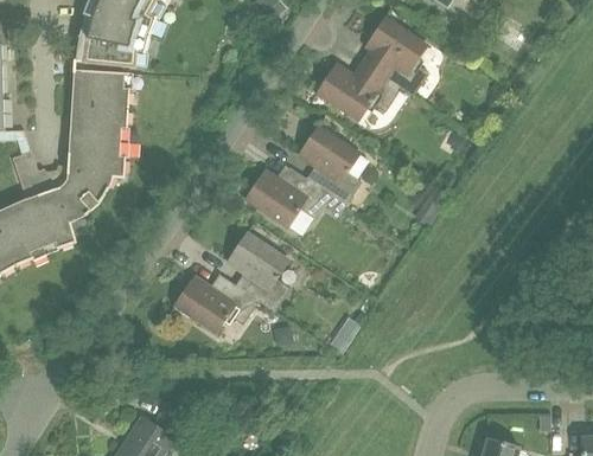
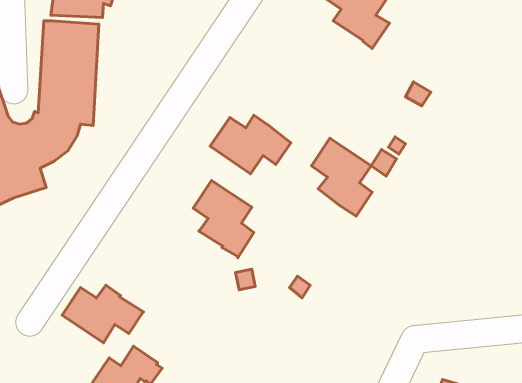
building: [314,60,402,120] -> none
building: [298,124,361,205] -> [311,138,372,216]
building: [173,274,257,333] -> [62,285,144,343]

